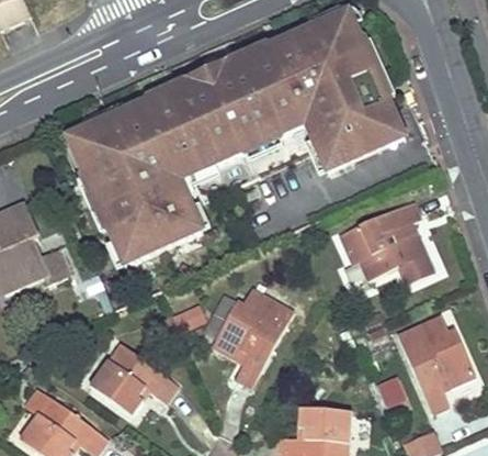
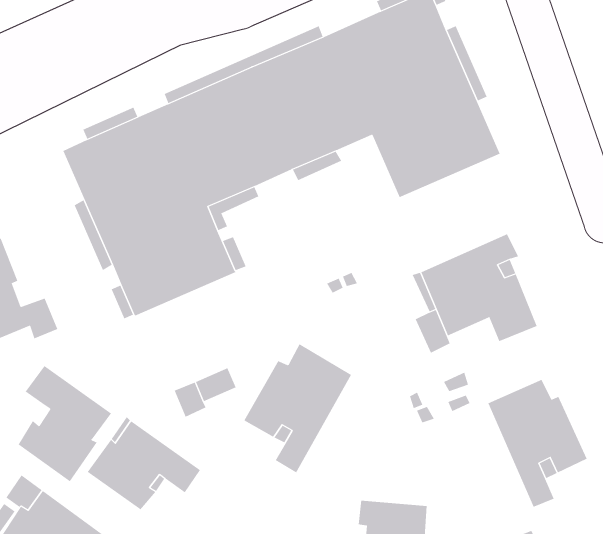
building: none -> [18,365,112,482]

